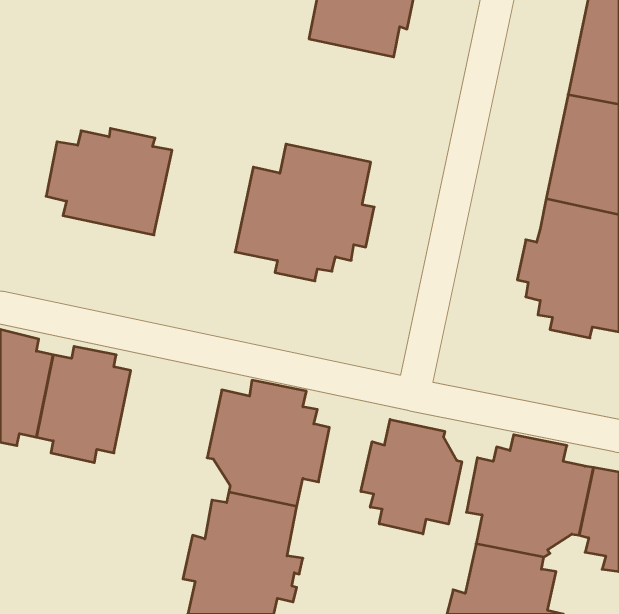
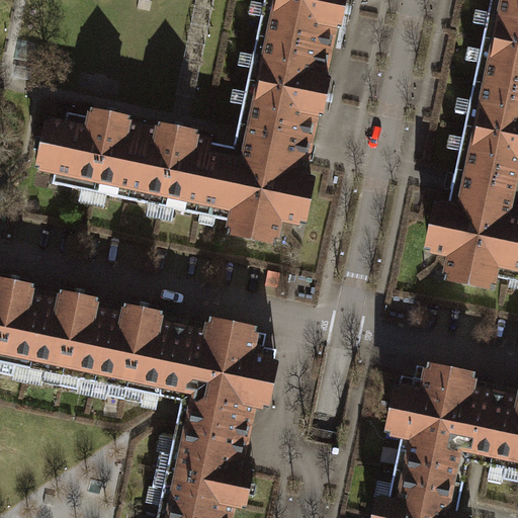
building: none -> [239,32,330,136]
building: none -> [128,122,211,210]
building: none -> [95,303,185,400]
building: [361,419,462,534] -> none

